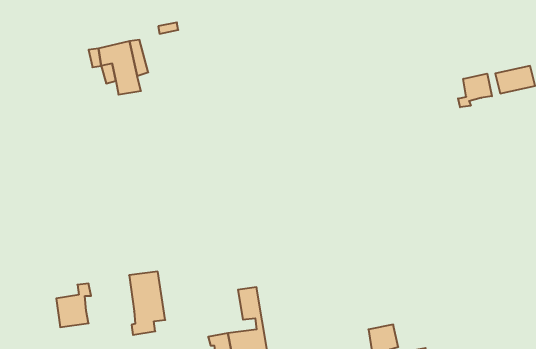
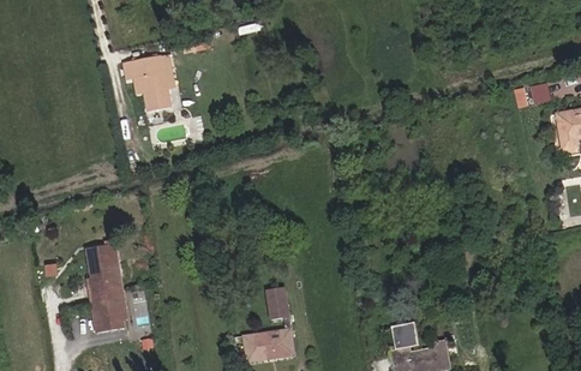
building: [458,74,492,107] -> none
building: [129,272,165,335] -> [88,241,122,303]

